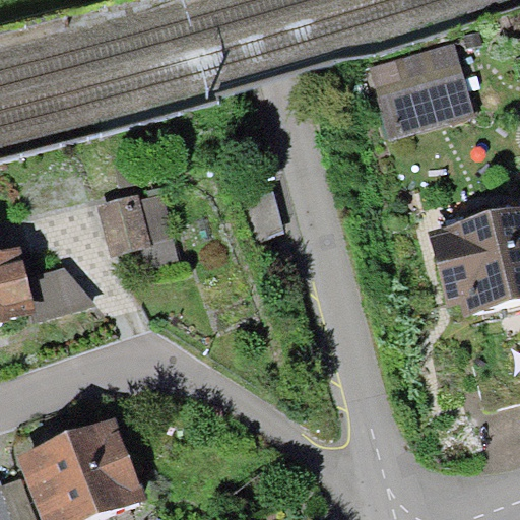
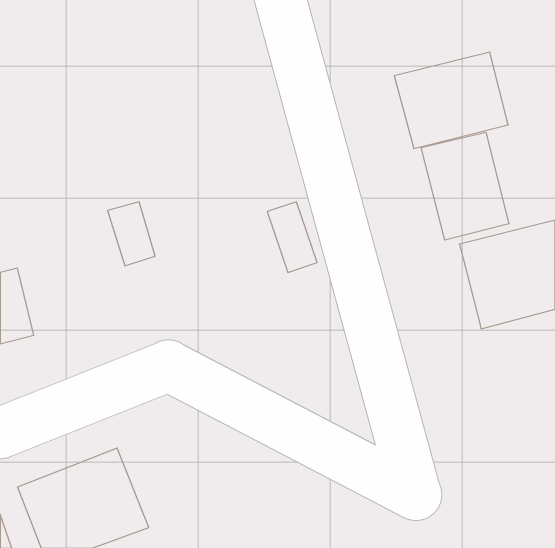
building: none -> [421,132,509,240]

